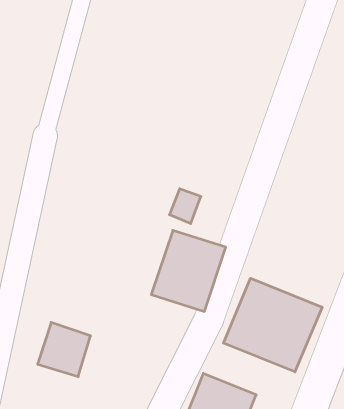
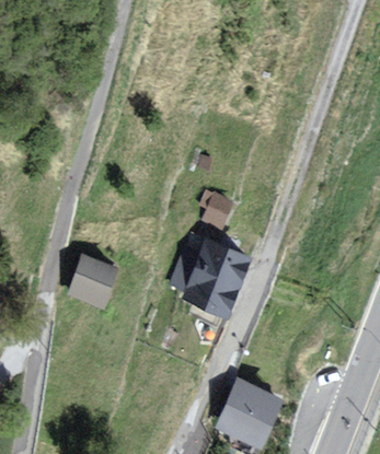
building: [223,278,322,372] -> none
building: [38,322,91,377] -> [68,255,119,307]

